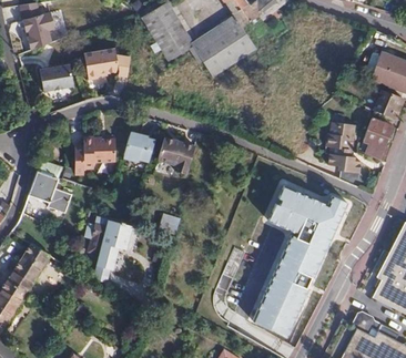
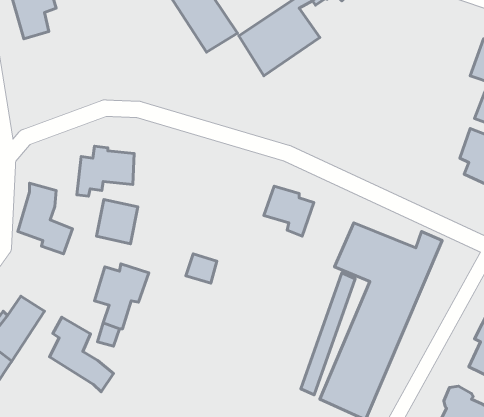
building: [84,50,130,81] -> none
building: [40,64,73,90] -> none
building: [325,122,361,172] -> none
building: [123,130,154,163] -> [97,200,138,244]
building: [158,137,195,175] -> [264,186,314,236]
building: none -> [50,317,113,392]

